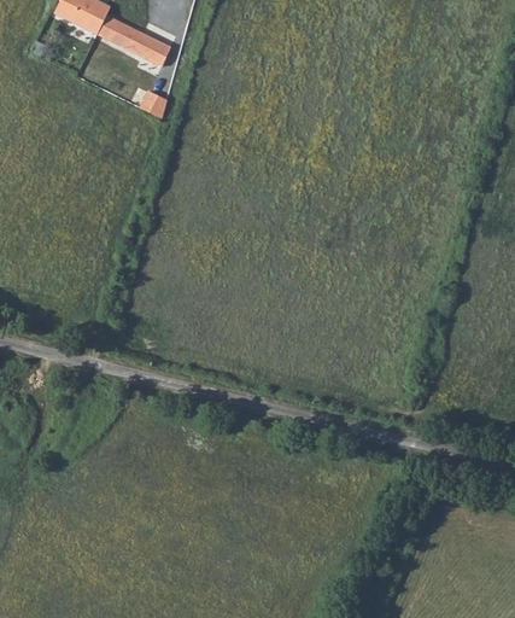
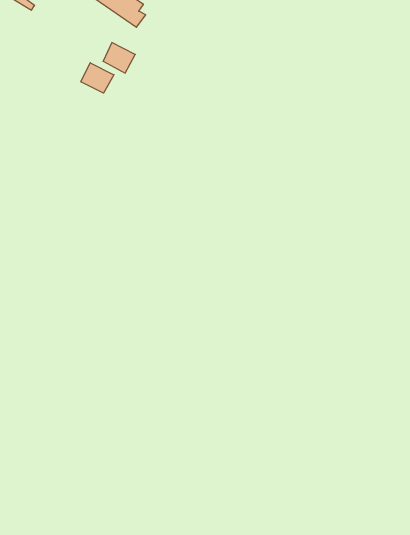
building: none -> [81,63,114,93]

